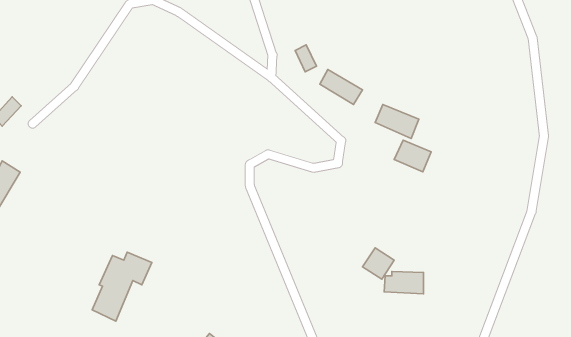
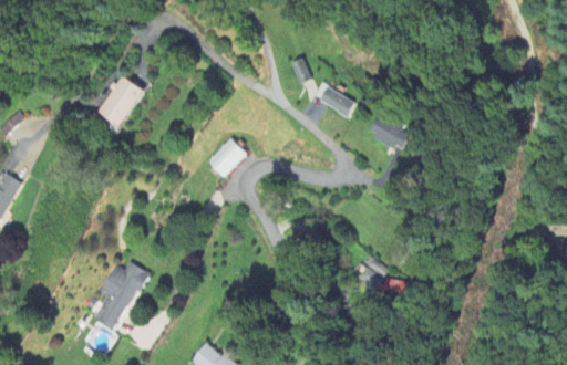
building: none -> [99,75,145,127]
building: none -> [207,138,245,177]
building: [394,140,431,172] -> none

